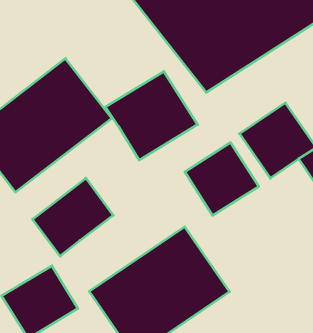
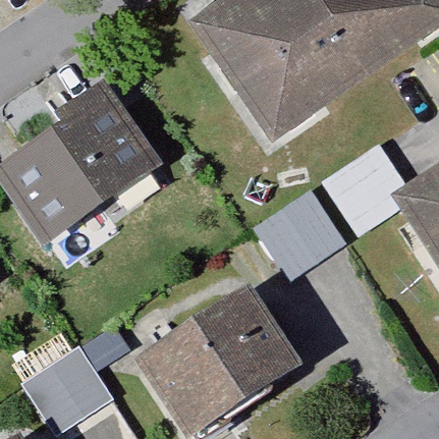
building: [106,71,198,160] -> none
building: [33,178,113,256] -> none

